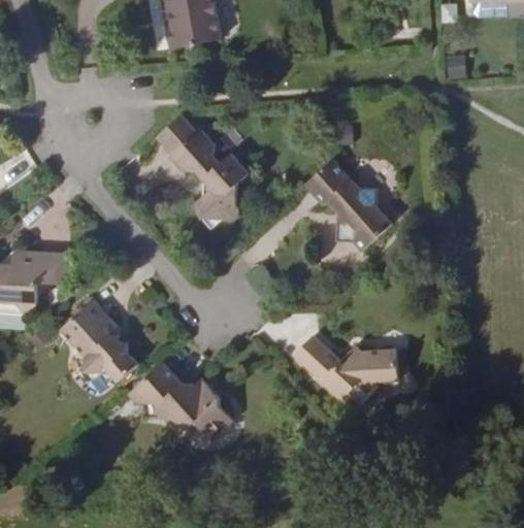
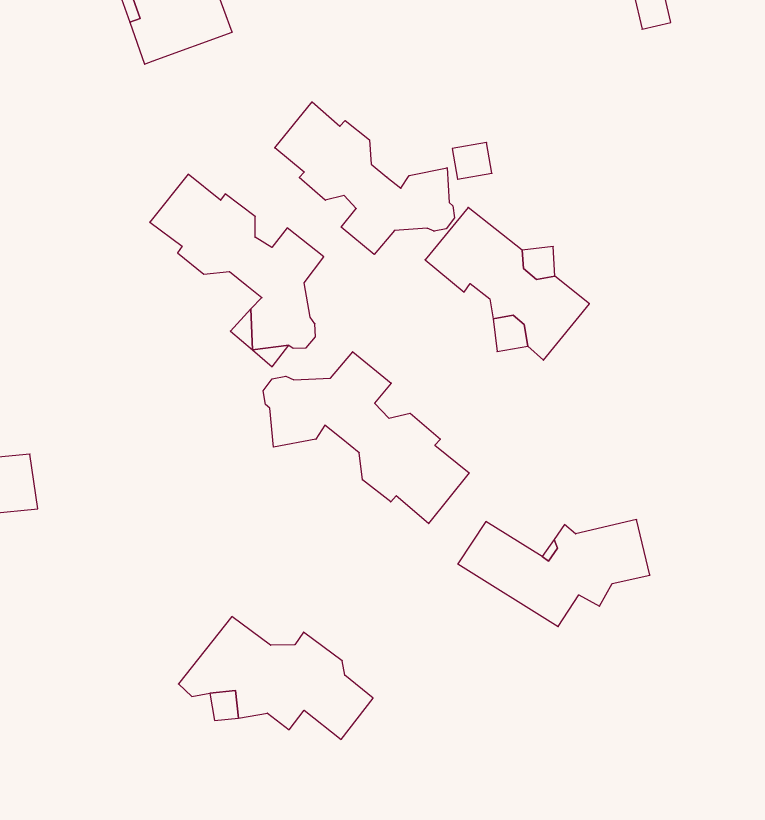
building: none -> [275,102,455,254]
building: none -> [263,352,469,524]
building: [59,299,137,384] -> none

